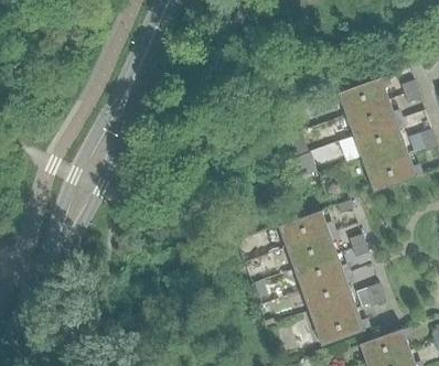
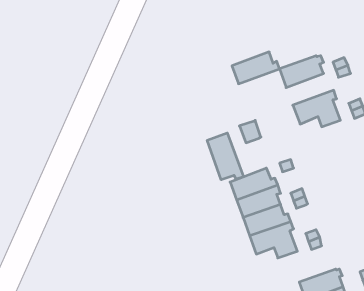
building: [344,98,400,136] -> [232,52,280,84]
building: [361,149,420,191] -> none
building: none -> [207,133,244,180]
building: [309,303,368,346] -> none

